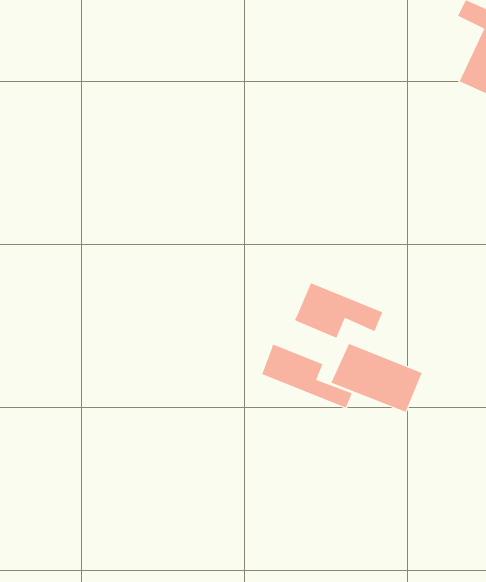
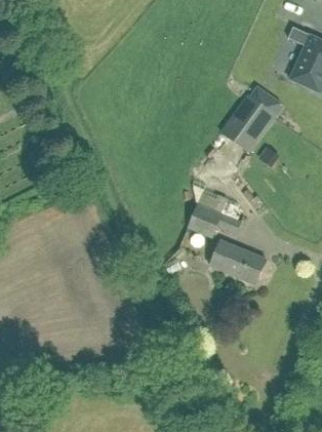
building: none -> [220,93,275,151]
building: [261,344,352,408] -> none

